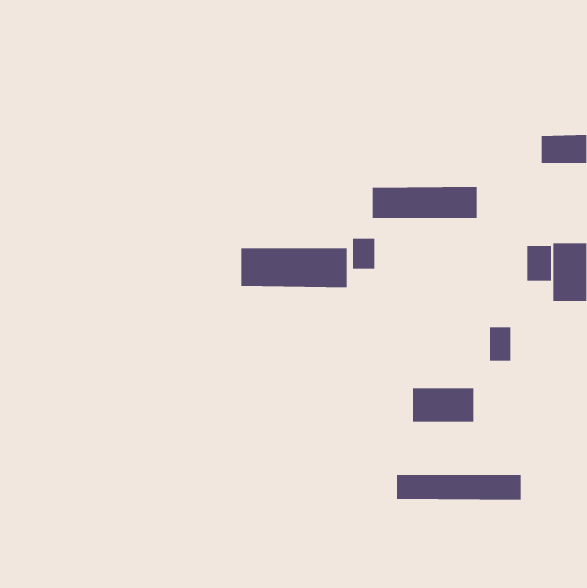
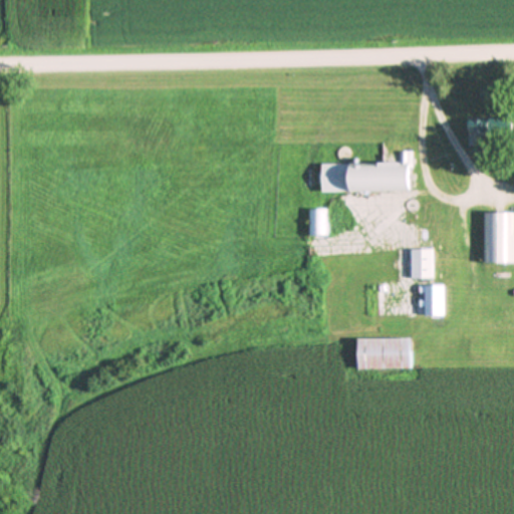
building: [526,246,552,281] -> [412,248,434,279]
building: [241,248,347,288] -> none
building: [396,474,521,501] -> none

